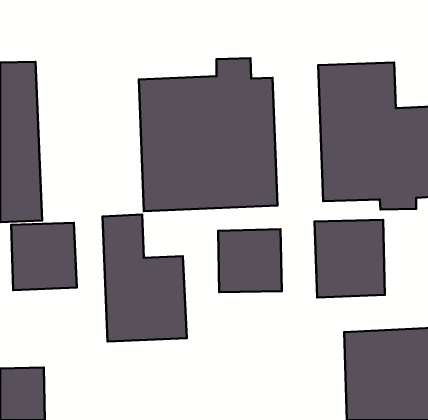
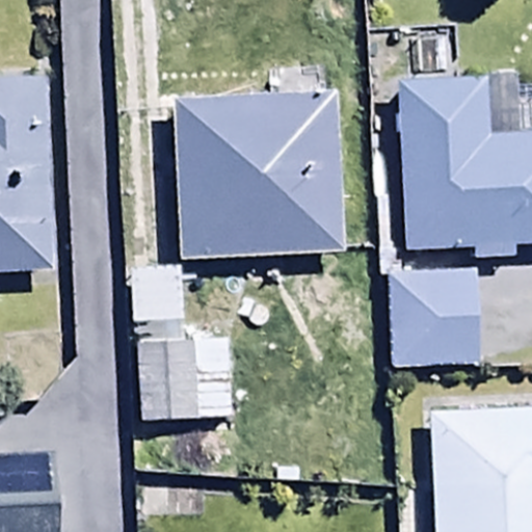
building: [11,223,77,290] -> none
building: [218,229,282,292] -> none

